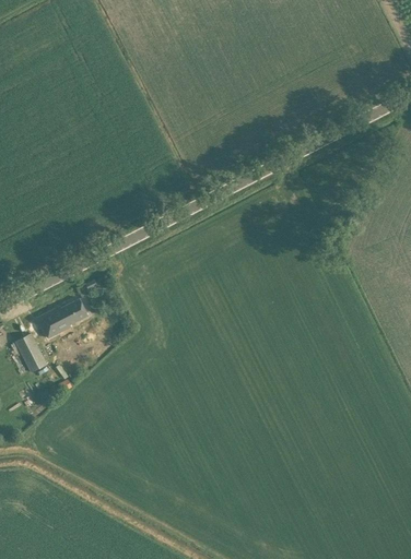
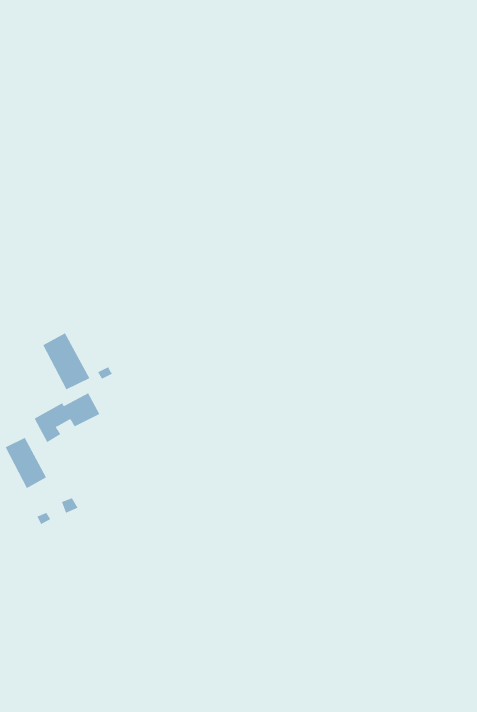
building: none -> [43,332,90,390]

